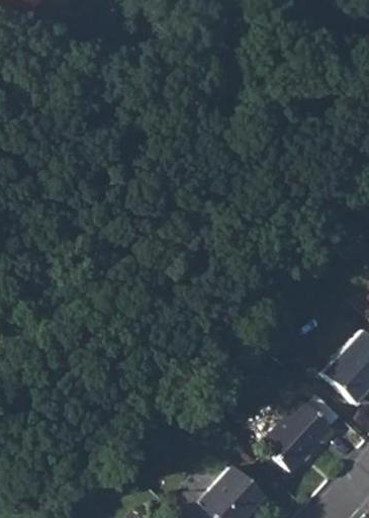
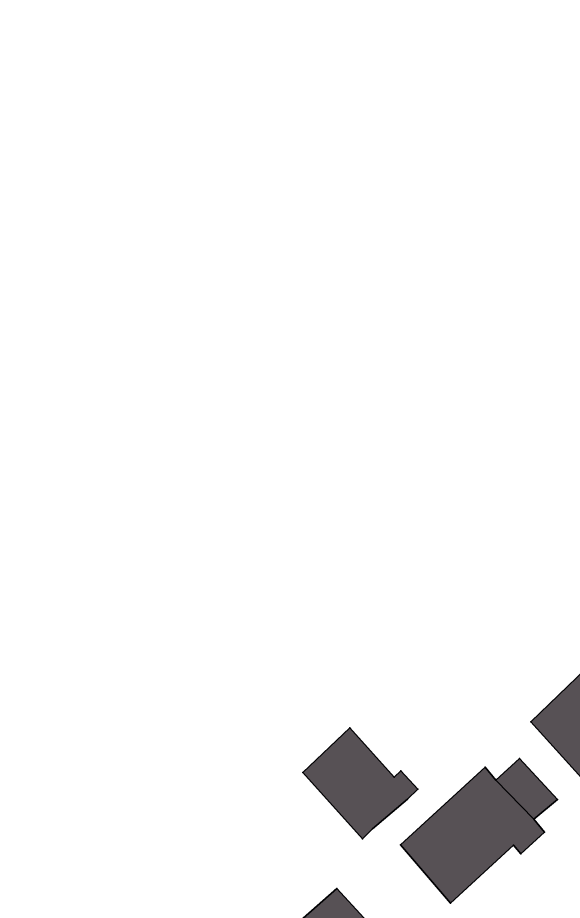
building: none -> [303,728,418,839]

